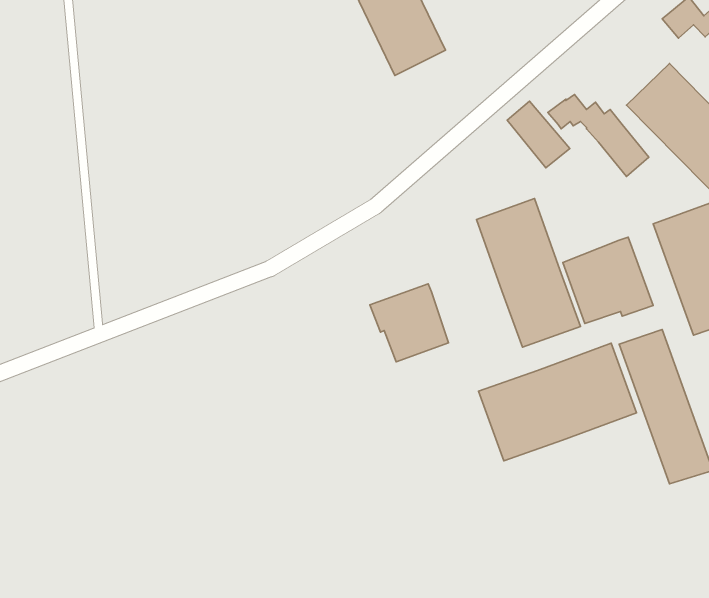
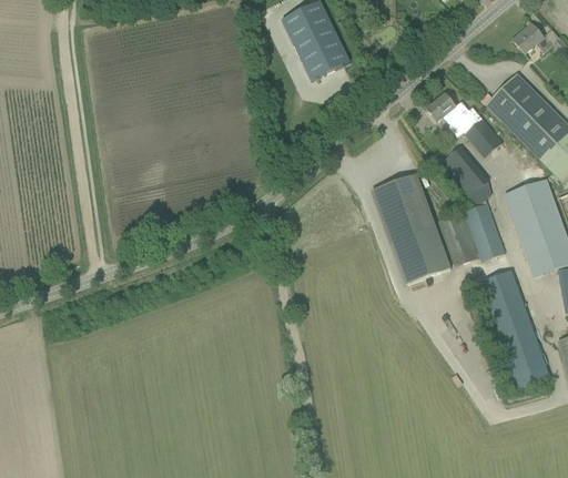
building: [507,101,570,168] -> [443,145,489,195]
building: [370,284,448,362] -> none
building: [478,343,636,461] -> none

